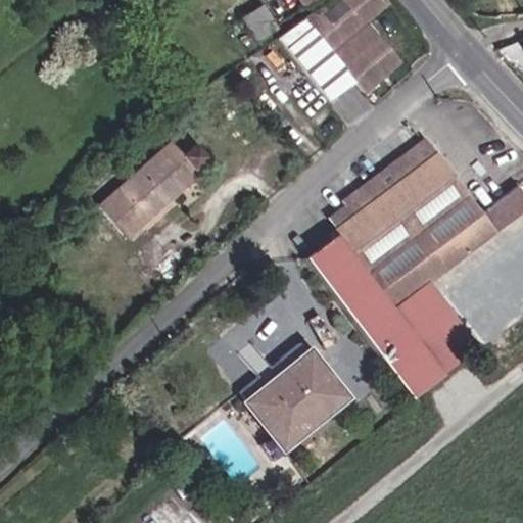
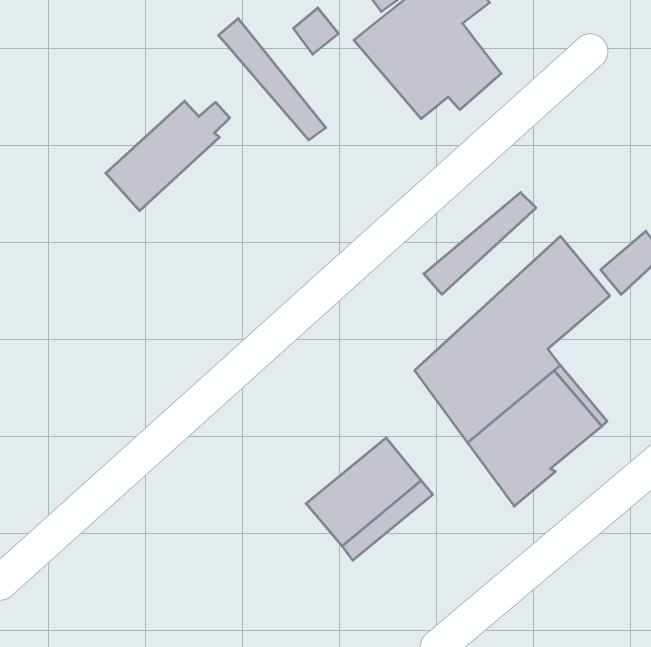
building: none -> [218,18,326,140]
building: [105,143,203,230] -> [106,101,230,211]
building: [319,164,450,293] -> none

